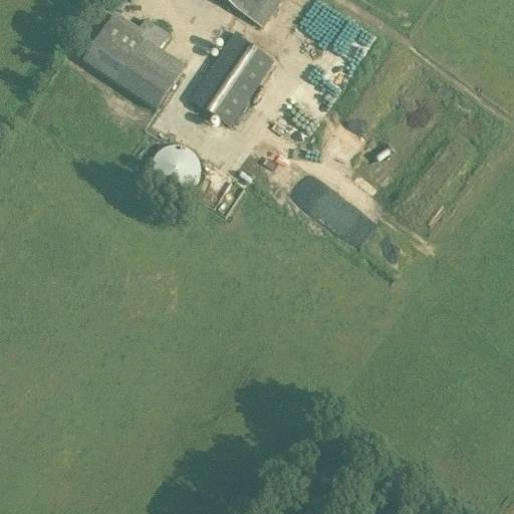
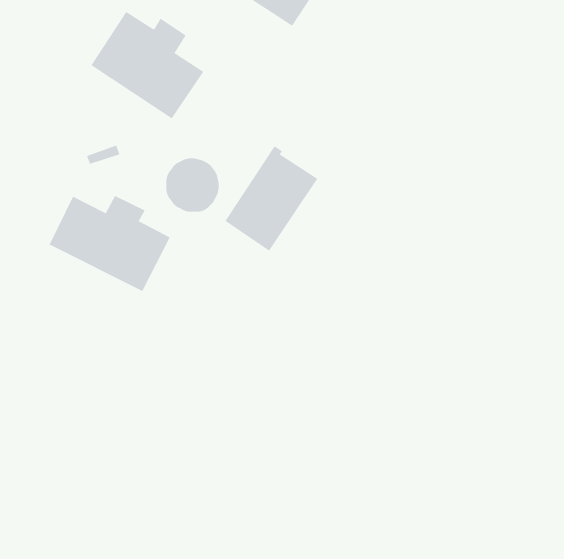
building: [190,30,275,126] -> [224,146,318,252]
building: none -> [49,195,170,292]

